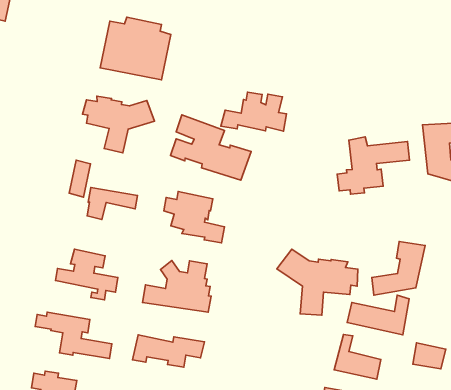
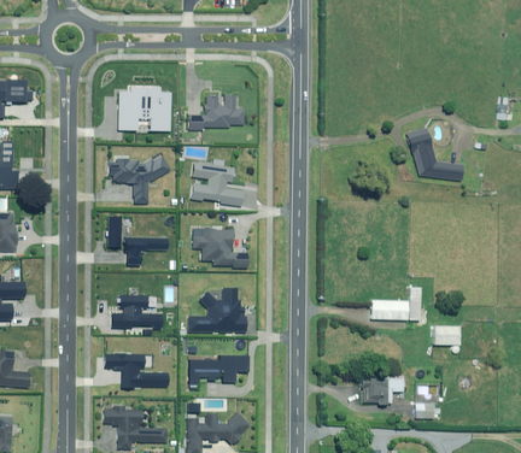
building: [221,92,286,131] -> [187,95,242,130]
building: [337,137,409,194] -> none
building: [372,241,425,295] -> none
building: [277,249,358,315] -> none
building: [334,335,381,379] -> none

